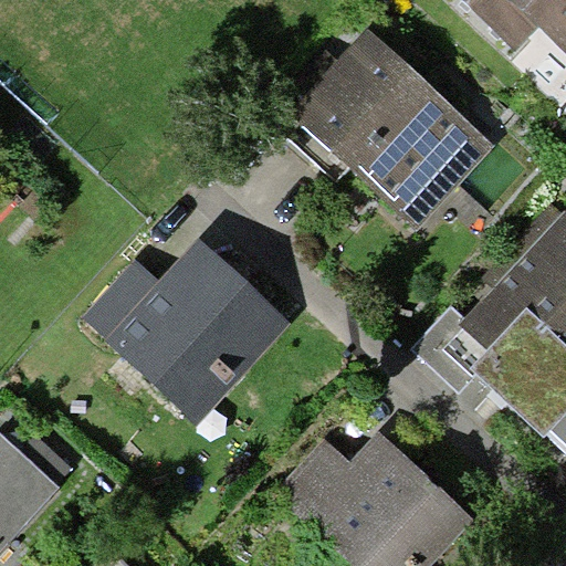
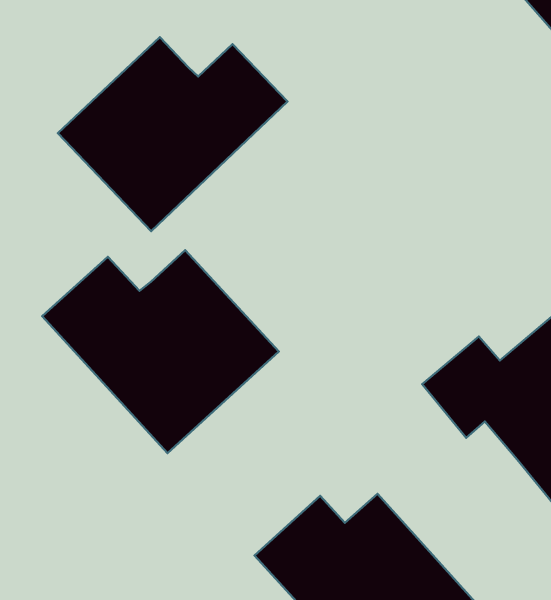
building: [292,31,491,224] -> none
building: none -> [58,37,288,231]

